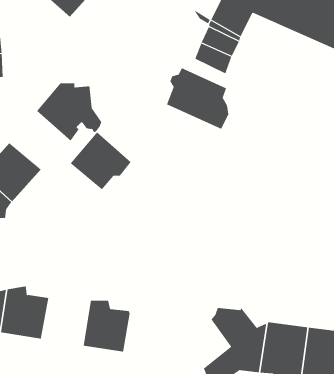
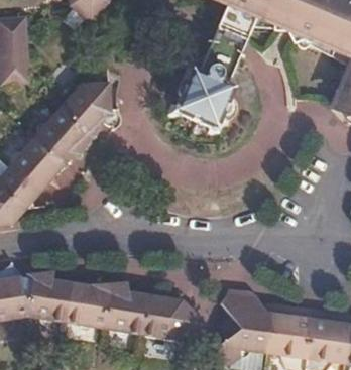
building: [70,132,132,190] -> [33,109,91,163]
building: none -> [64,282,109,327]
building: none -> [140,296,196,339]

